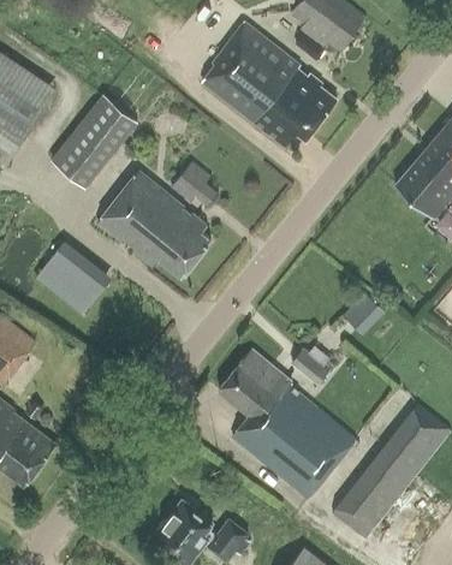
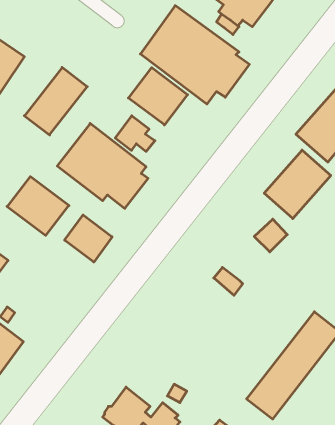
building: none -> [128,68,188,125]
building: none -> [264,150,331,219]
building: none -> [65,215,112,262]
building: [218,349,355,498] -> none

